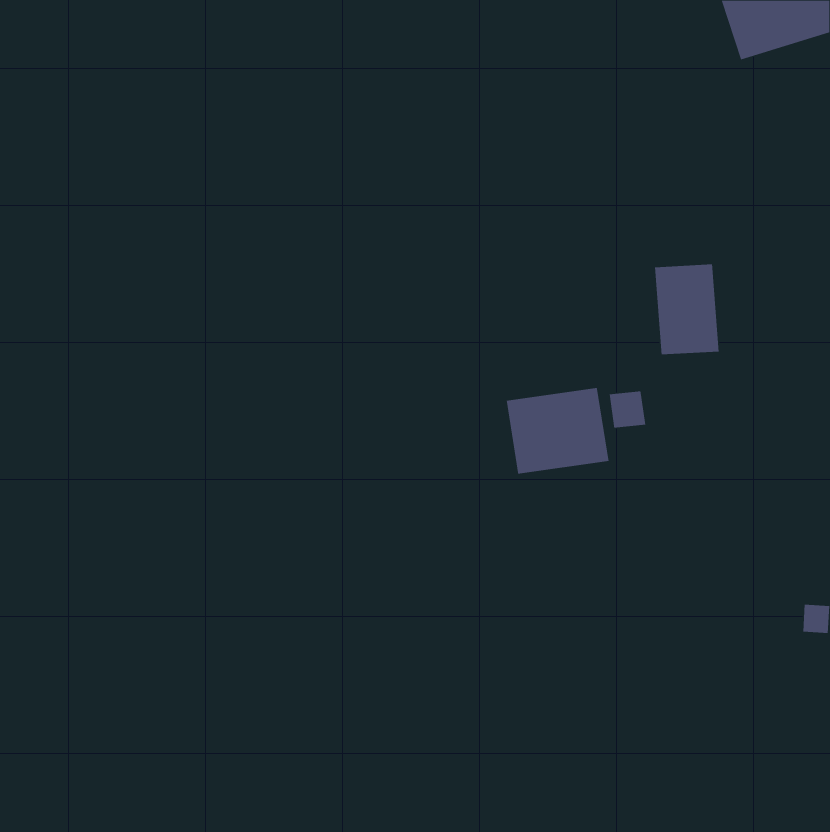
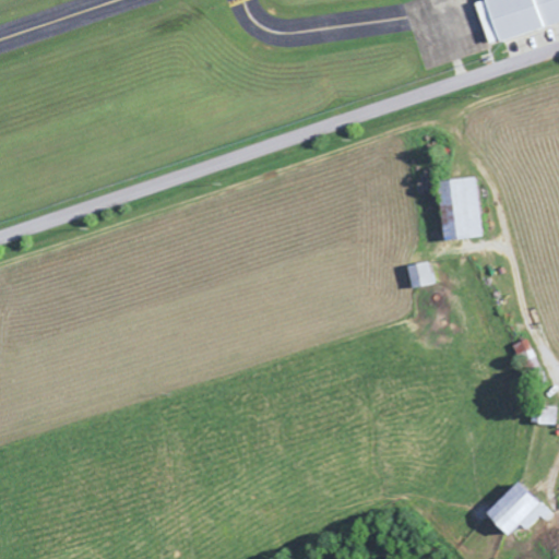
building: [506,387,609,475] -> none
building: none -> [485,480,552,534]

